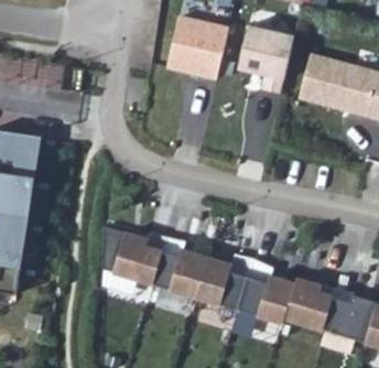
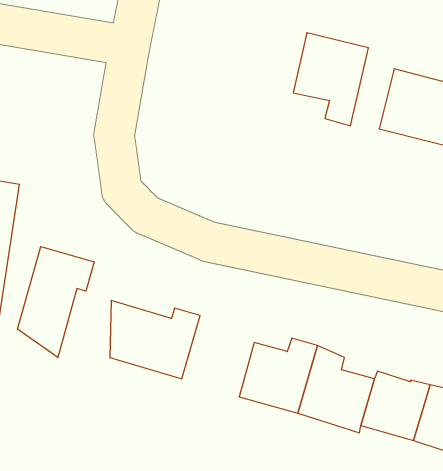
building: [167,19,228,80] -> none
building: none -> [17,247,94,358]
building: [158,235,210,294] -> none

